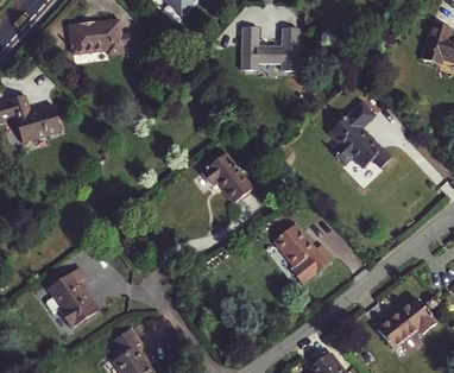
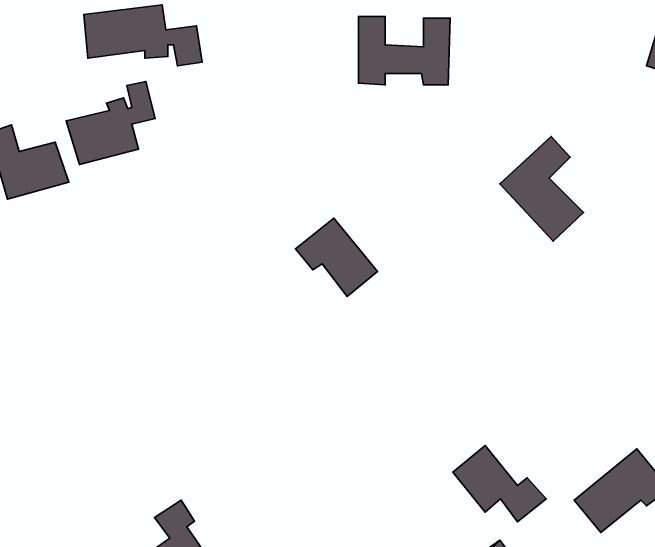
building: none -> [66,82,155,164]
building: [275,225,333,272] -> [453,446,546,522]
building: [48,267,99,329] -> none

